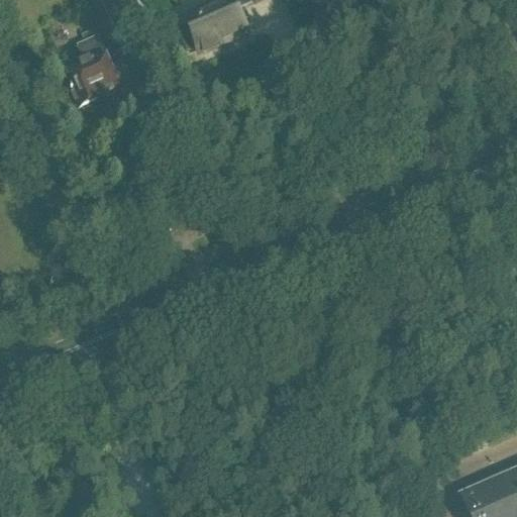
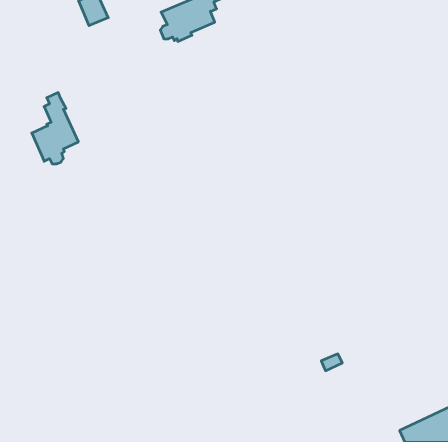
building: [65,25,118,107] -> [32,93,78,164]

